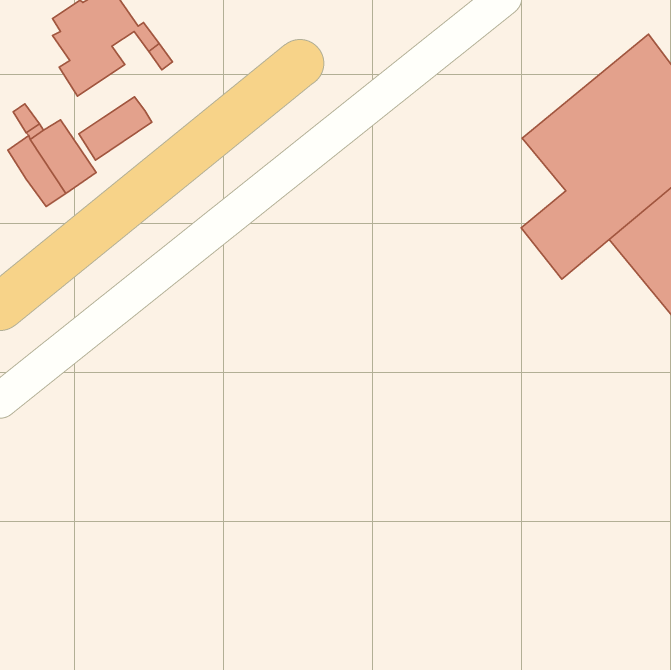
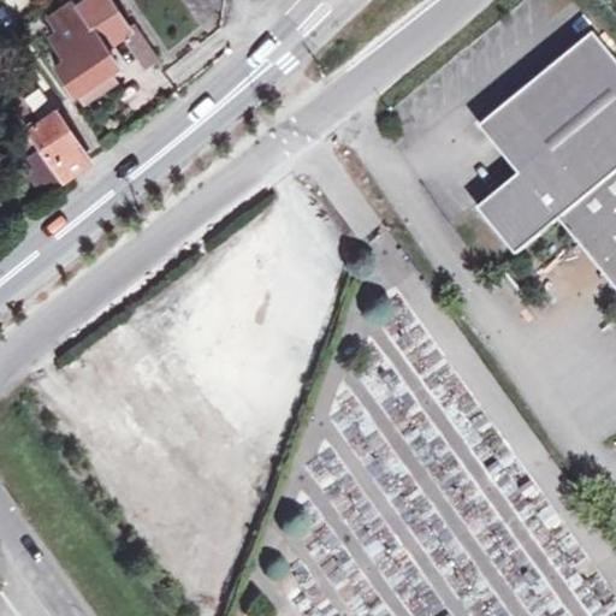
building: [79,97,152,160] -> none

